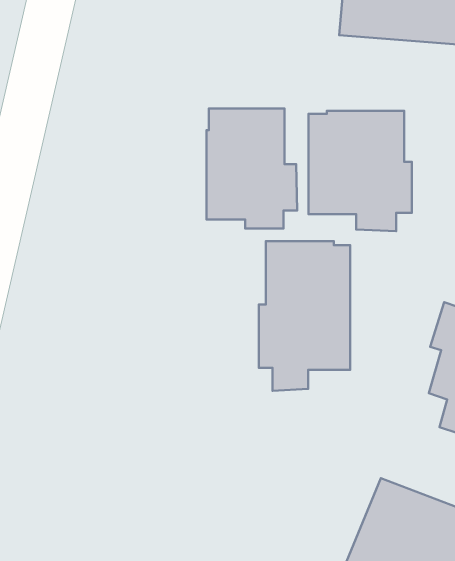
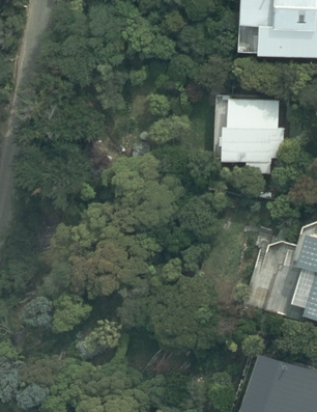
building: [207,109,297,229] -> none
building: [259,241,350,391] -> none

